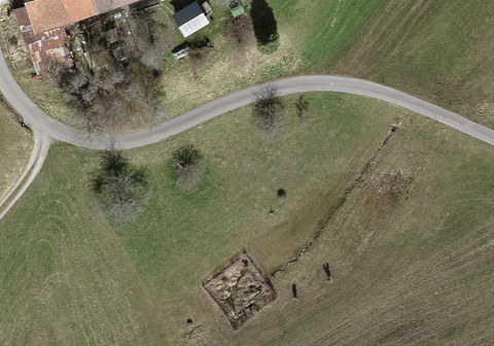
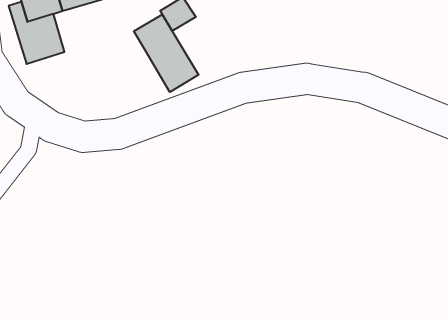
building: none -> [134,15,199,92]

